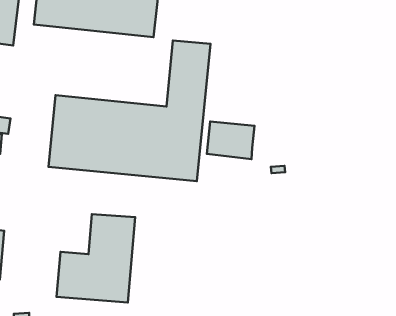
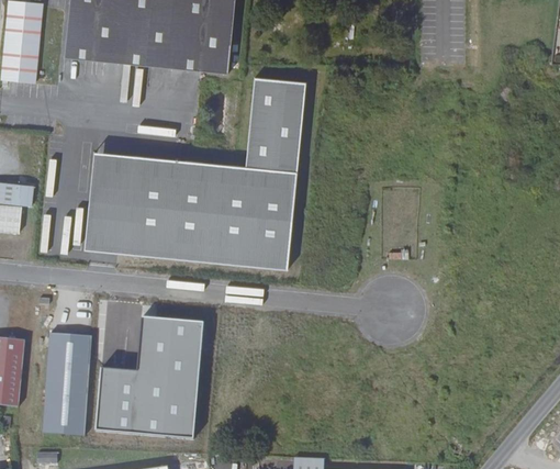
building: [207,122,255,159] -> none
building: none -> [42,332,90,435]

